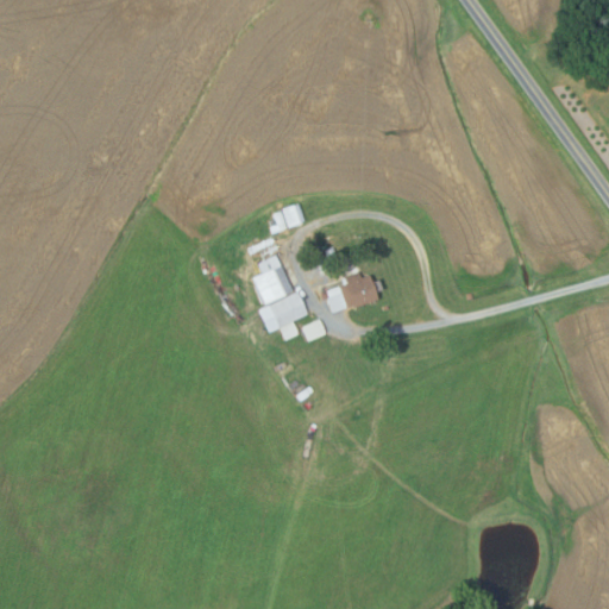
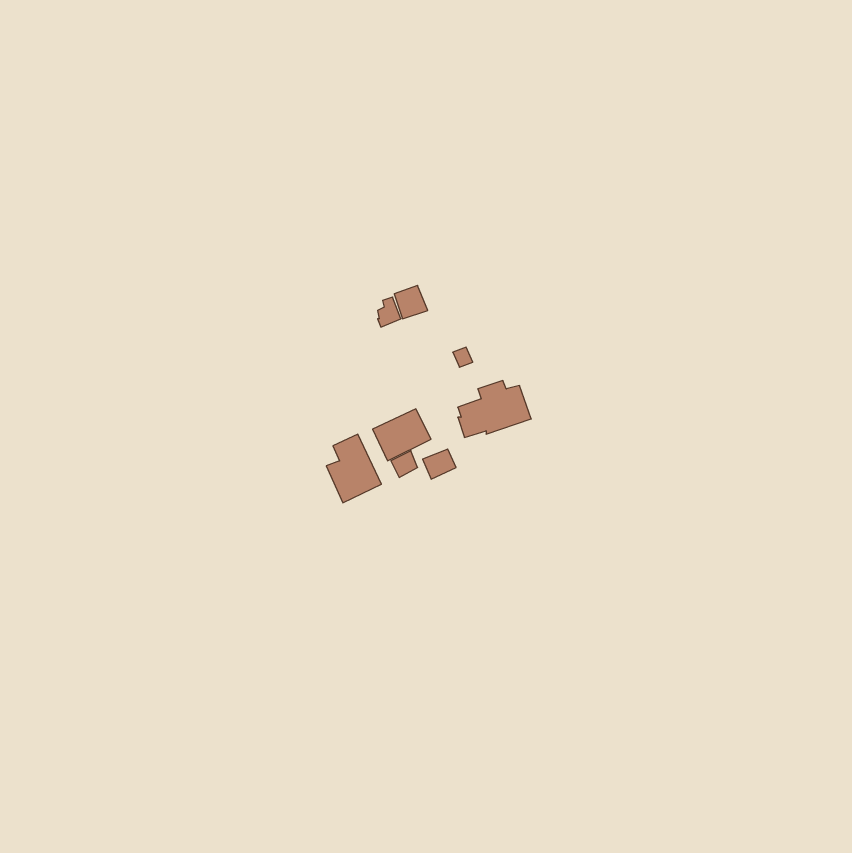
building: [252,255,291,303] -> [326,434,381,503]

